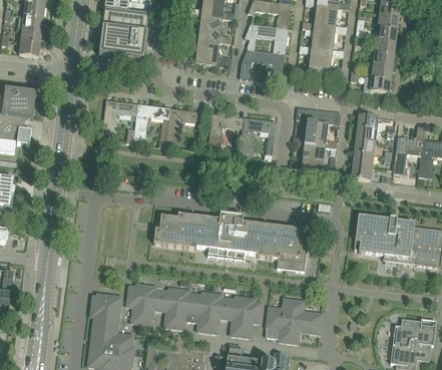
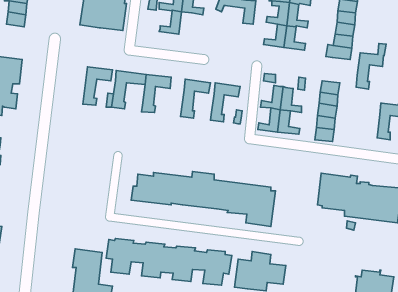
building: [204,40,232,67] -> none
building: [240,48,285,83] -> none
building: [393,125,425,174] -> [356,43,386,89]

